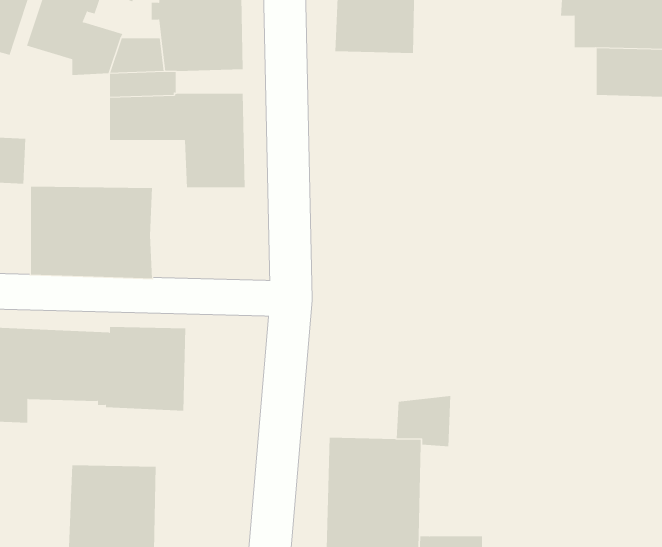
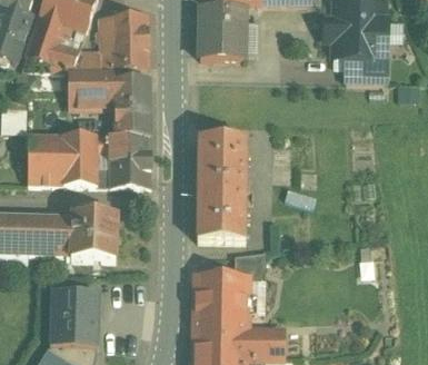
building: none -> [96,132,150,184]
building: none -> [197,135,247,239]

